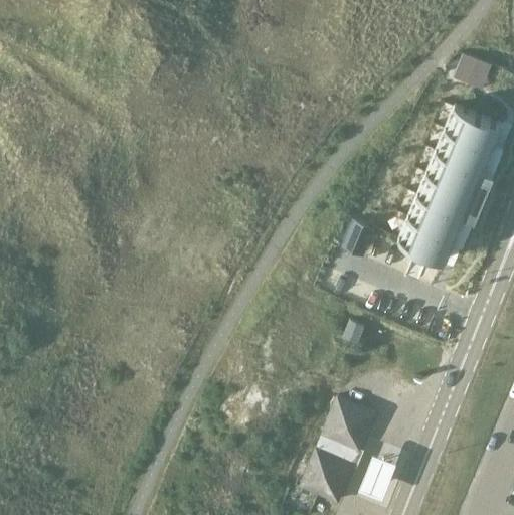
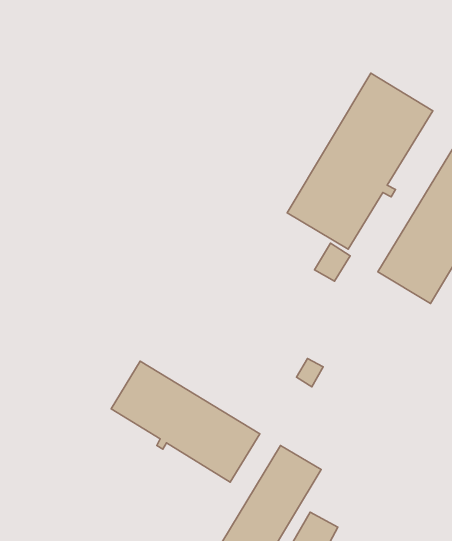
building: none -> [287,73,433,249]
building: none -> [111,361,260,482]

